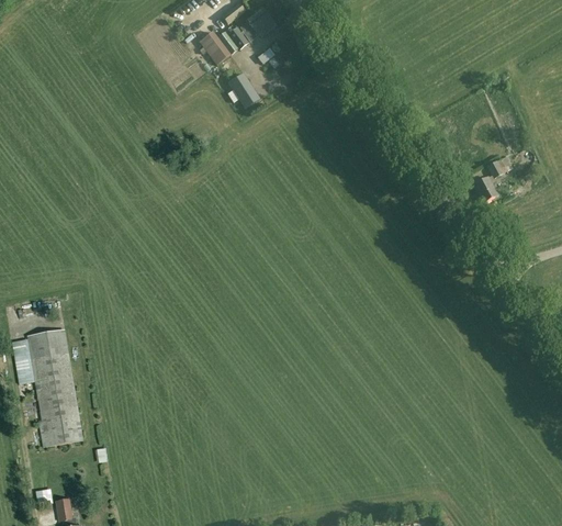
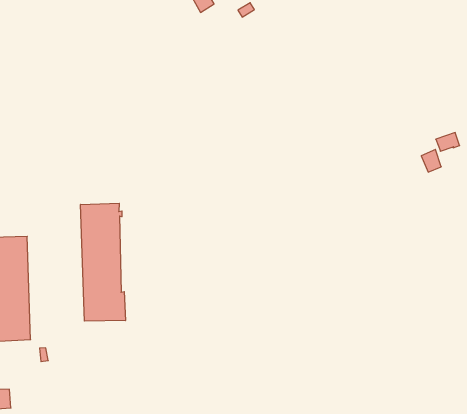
building: [227,72,259,107] -> none
building: none -> [81,203,125,321]

